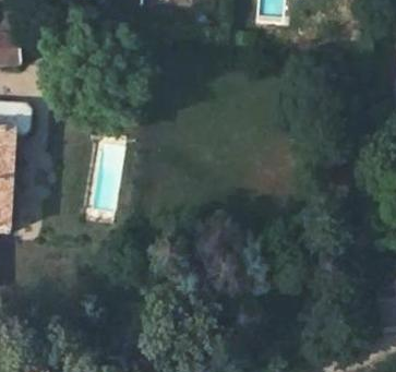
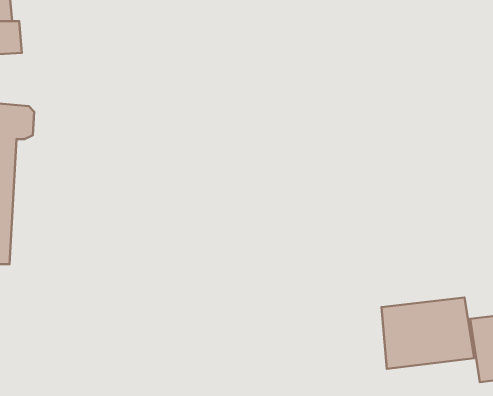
building: none -> [382,298,474,369]

